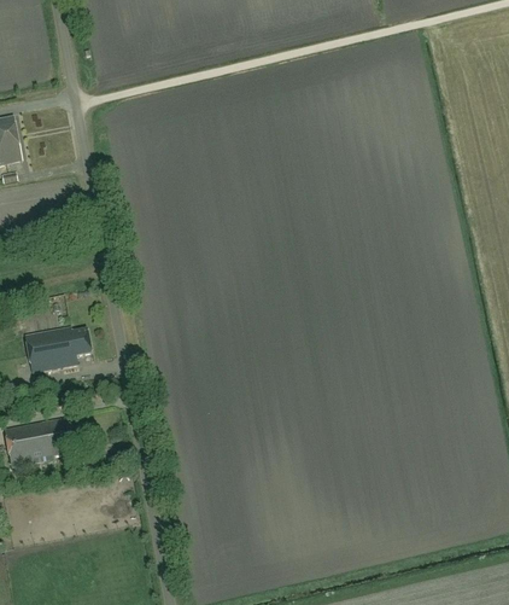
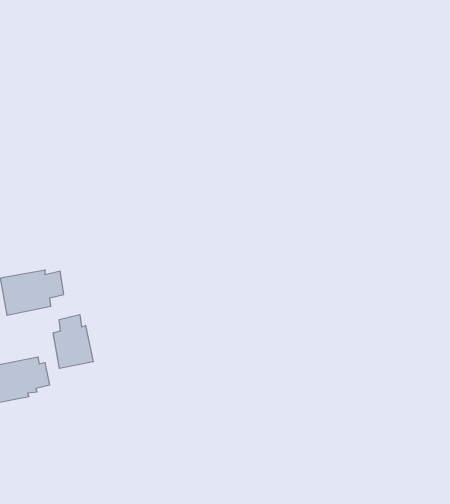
building: none -> [53,315,93,368]

